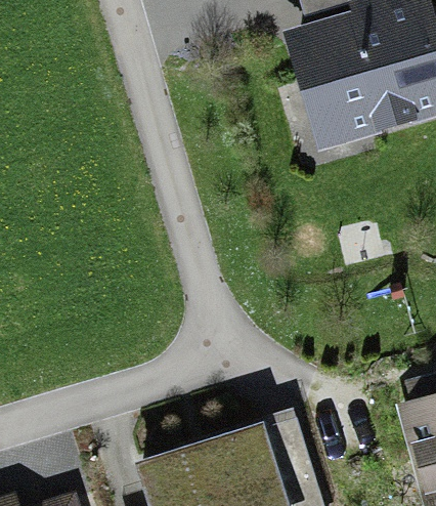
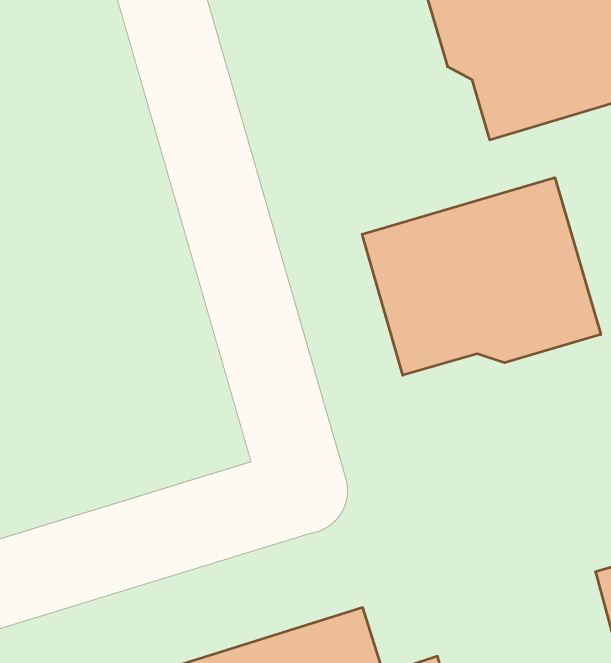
building: none -> [362,178,601,375]

